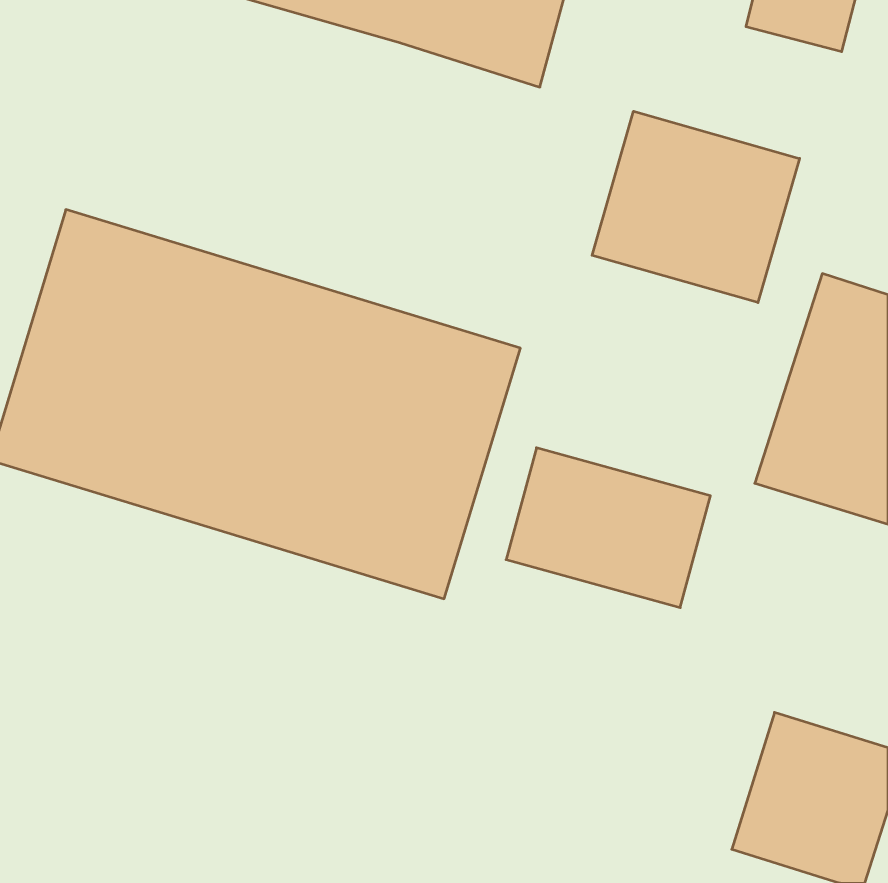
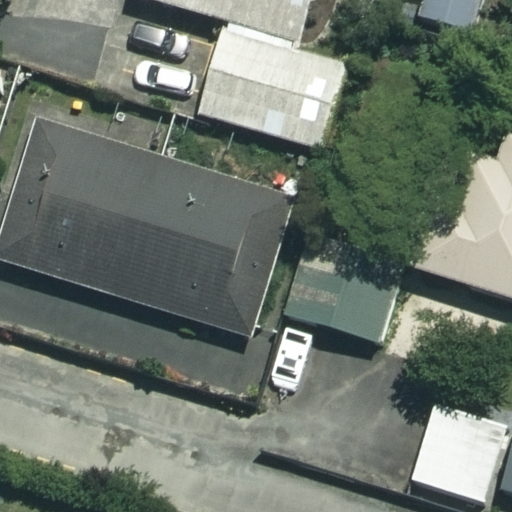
building: none -> [200,24,349,147]
building: [592,111,800,303] -> none

